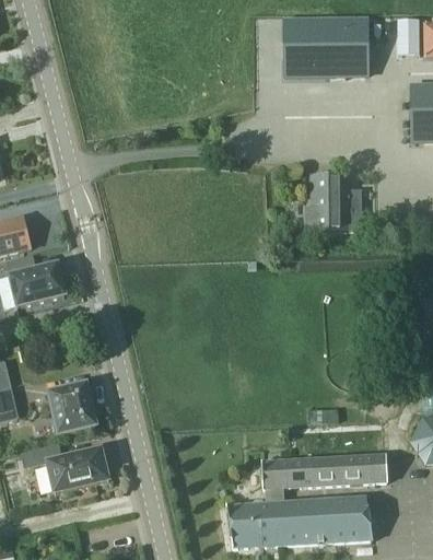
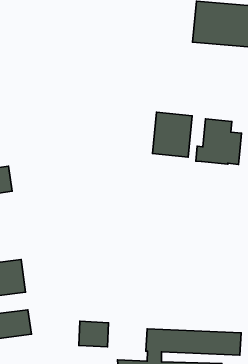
building: none -> [152,112,192,157]
building: none -> [79,321,109,347]

